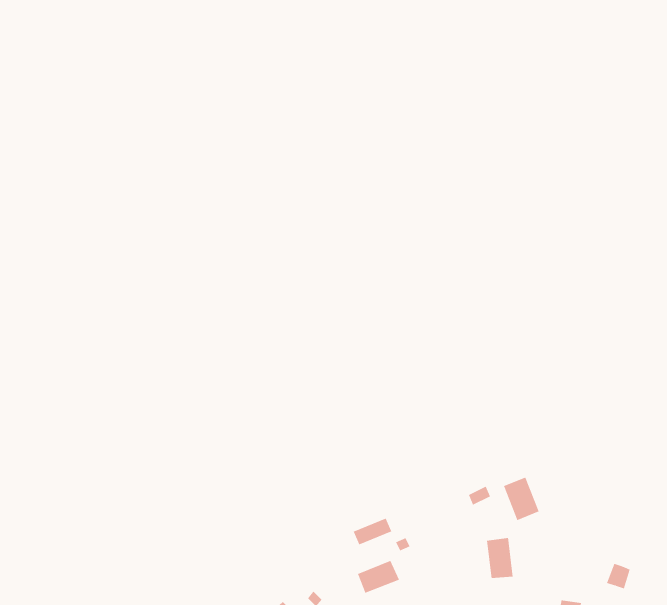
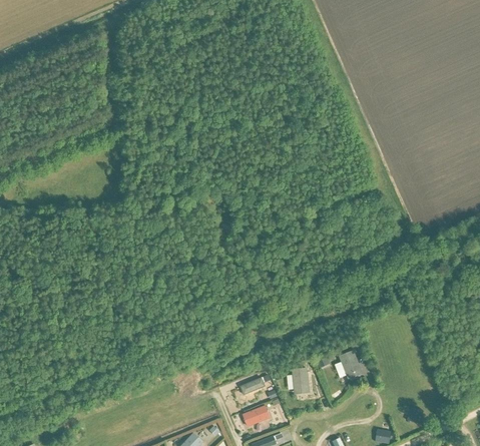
building: [486,537,513,578] -> [293,367,311,394]

